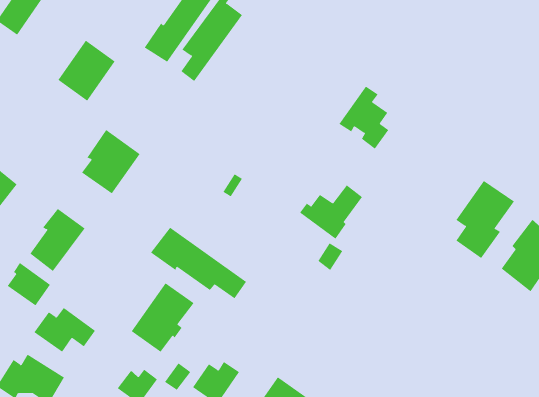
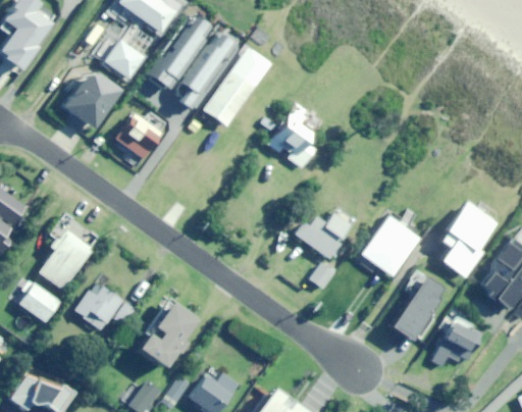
building: none -> [102,39,142,79]
building: none -> [203,47,271,126]
building: [338,86,389,150] -> [267,108,315,168]
building: [81,129,140,194] -> [113,98,169,159]
building: none -> [360,216,419,276]
building: [150,227,247,299] -> none
building: none -> [389,276,445,341]
building: none -> [432,318,482,367]
building: [33,307,96,353] -> [73,287,133,329]

